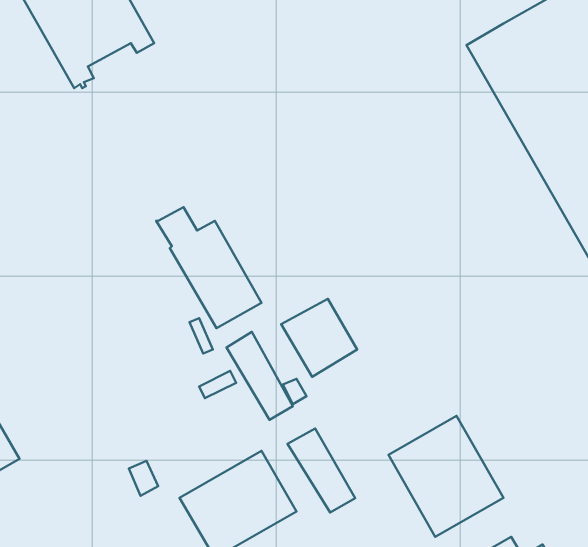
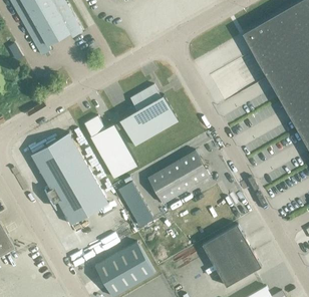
building: none -> [120,85,179,147]
building: none -> [31,133,109,226]
building: none -> [172,151,211,191]
building: [288,428,355,513] -> none

